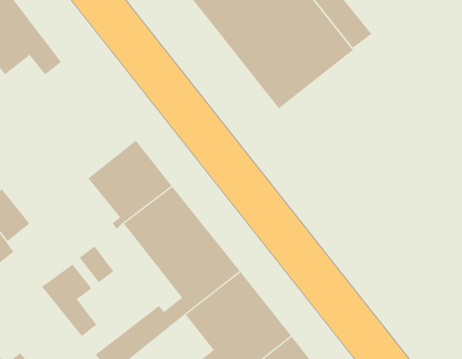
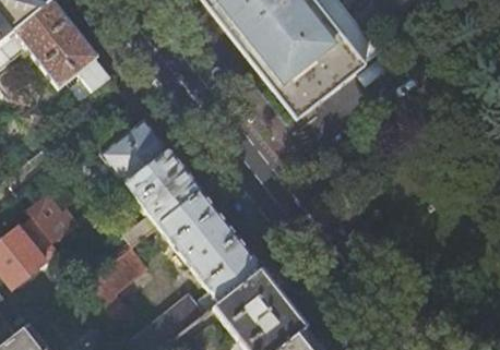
building: none -> [100,120,169,185]

